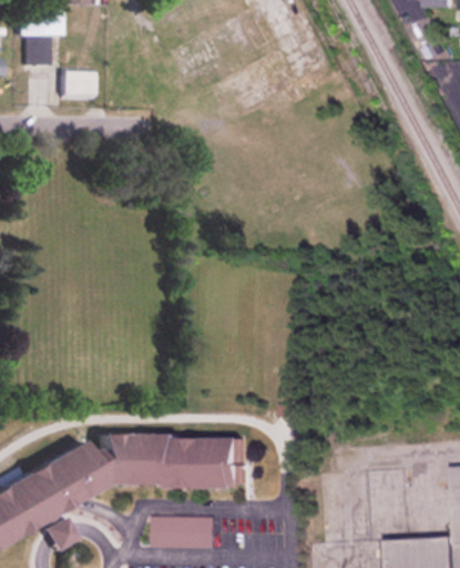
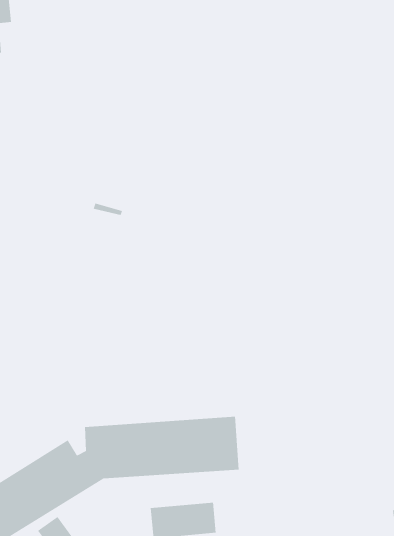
building: [63,71,94,100] -> none

